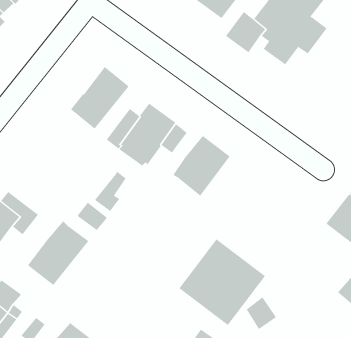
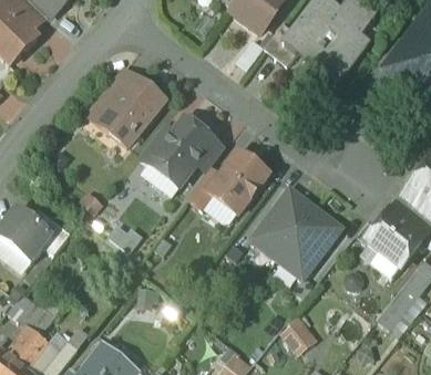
building: none -> [89,70,138,125]
building: [94,171,127,212] -> [187,167,220,209]
building: [27,220,89,286] -> none
building: [179,238,266,326] -> [252,188,341,278]

